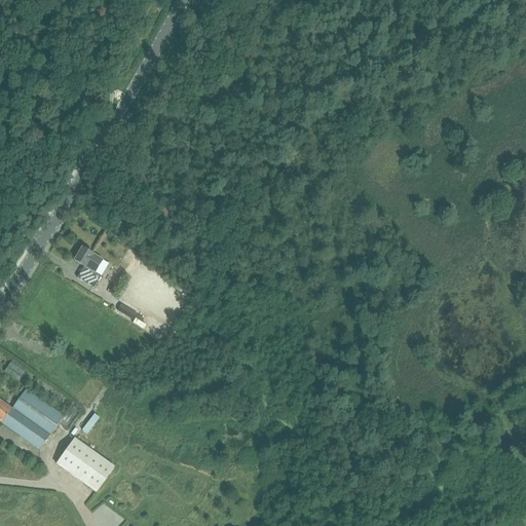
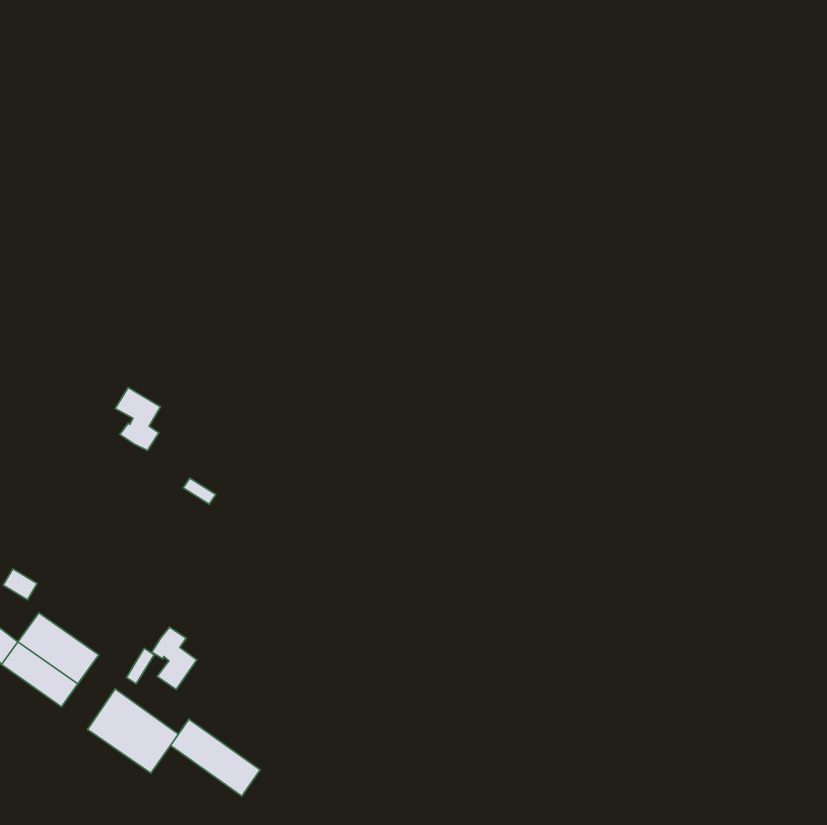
building: none -> [152,627,197,689]
building: none -> [170,719,260,796]

